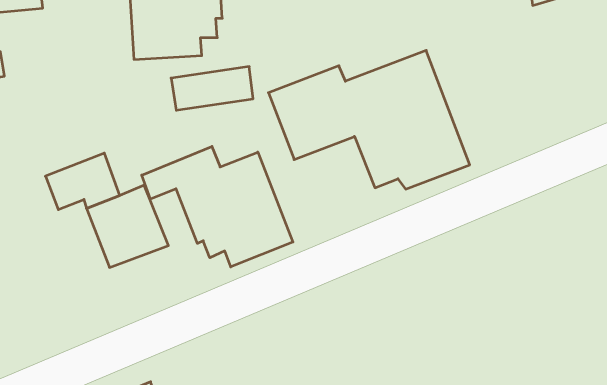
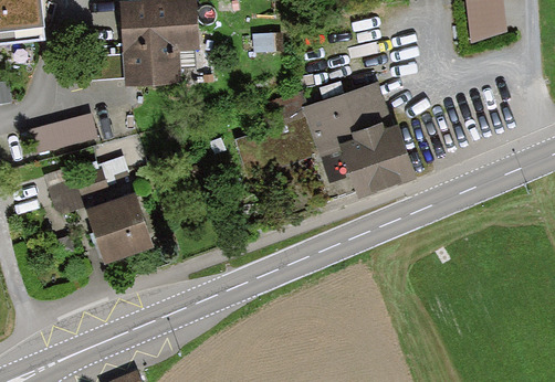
building: [171,67,253,110] -> [29,110,100,148]
building: [142,146,293,267] -> none

